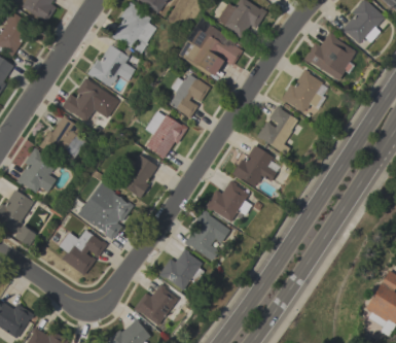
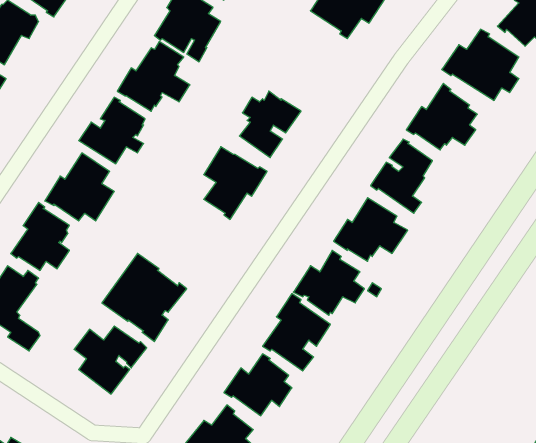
building: [178,25,243,75] -> none
building: [118,155,157,198] -> none

